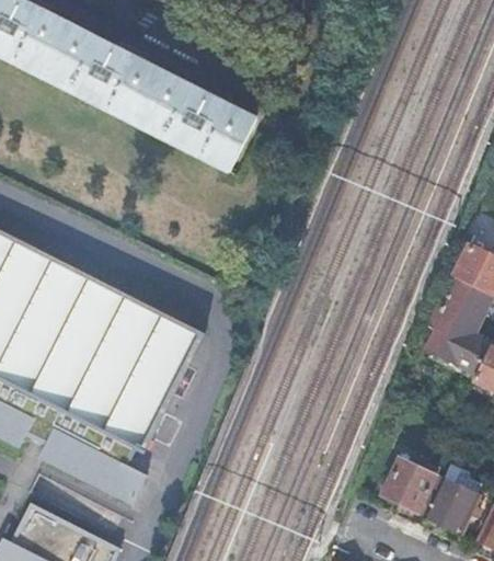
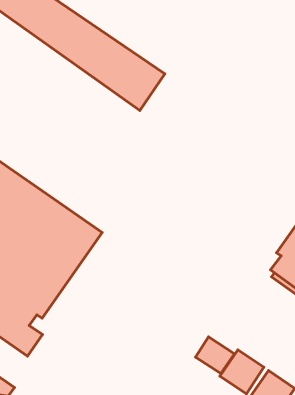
building: none -> [195,337,235,373]

